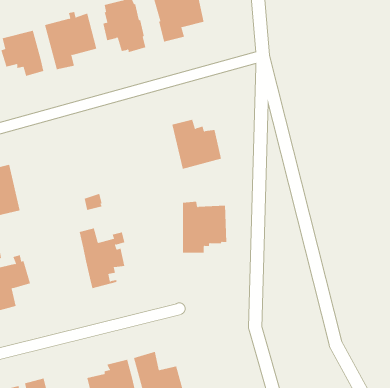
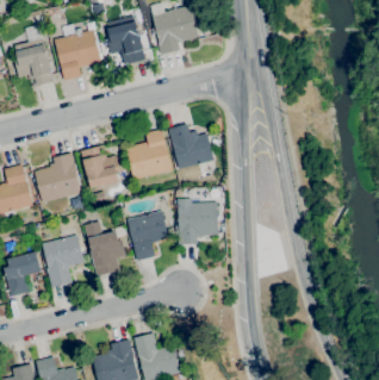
building: none -> [125,129,173,180]
building: none -> [80,145,120,188]
building: none -> [33,152,81,203]
building: none -> [126,211,174,261]
building: none -> [42,235,83,288]

